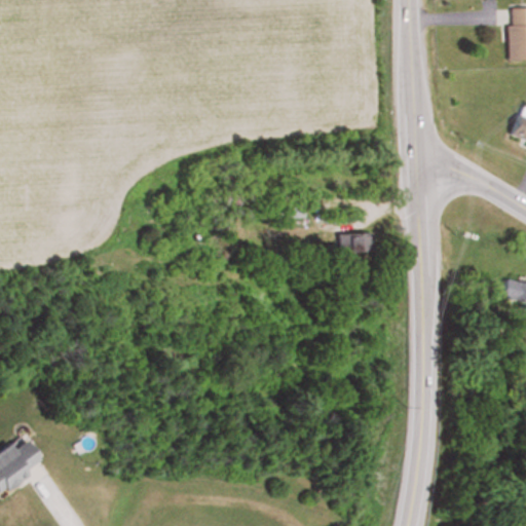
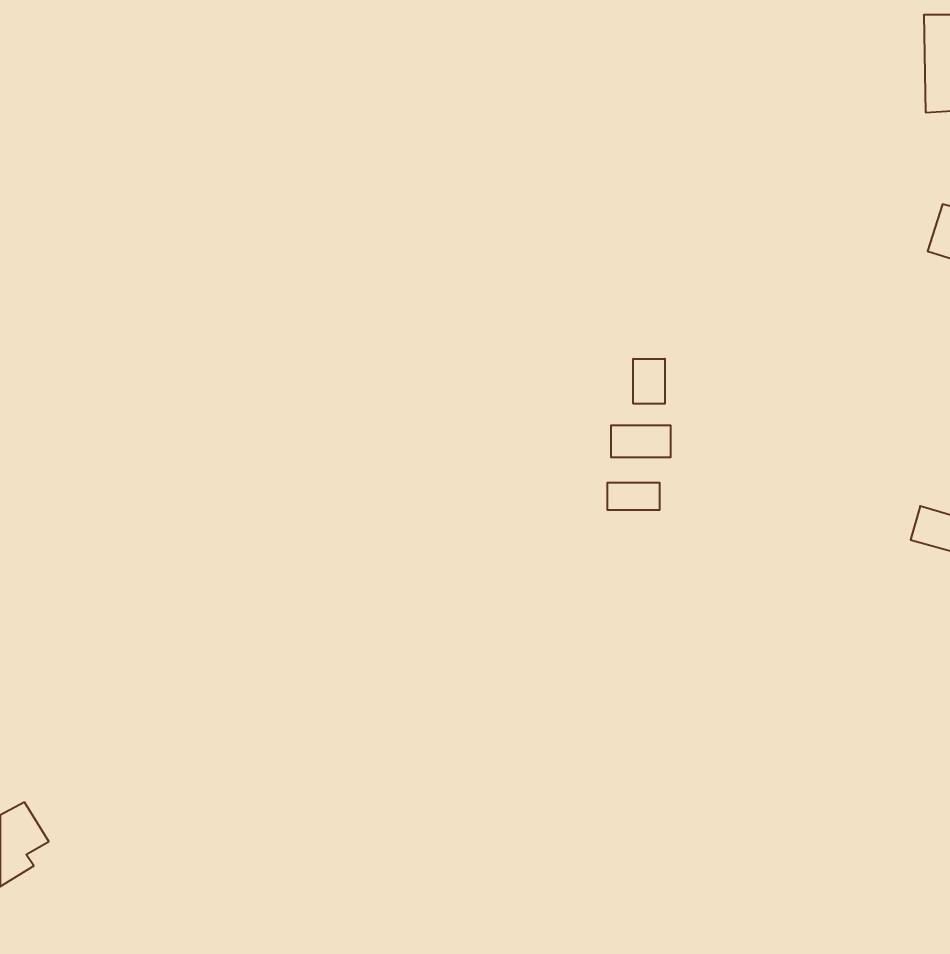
building: none -> [633,359,665,404]
building: none -> [607,483,660,510]

